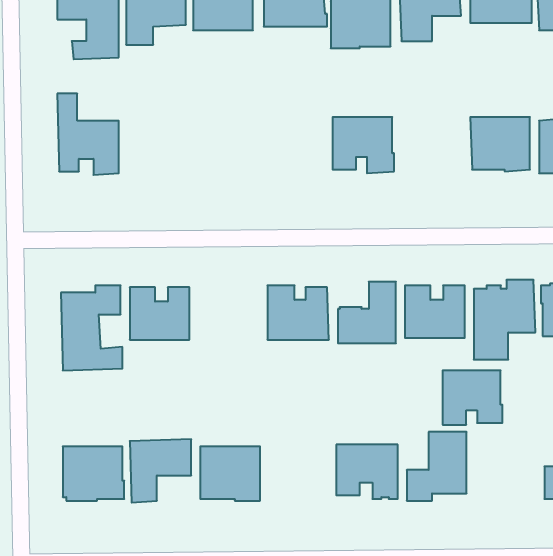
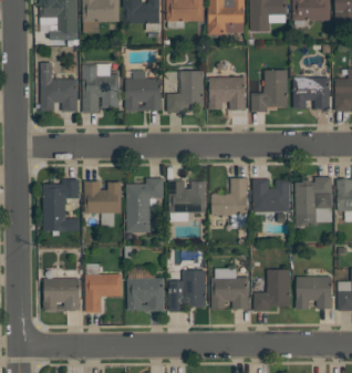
building: none -> [82,63,118,113]
building: none -> [125,70,162,111]
building: none -> [166,70,204,112]
building: none -> [251,70,287,111]
building: none -> [125,177,164,232]
building: [443,370,502,425] -> [296,276,332,309]
building: none -> [168,270,206,312]

